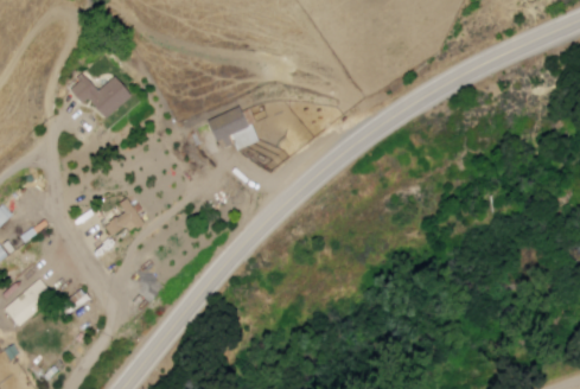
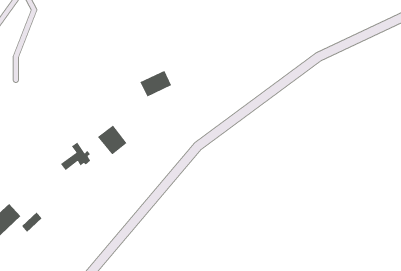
building: [69,77,130,117] -> none
building: none -> [97,125,128,156]

